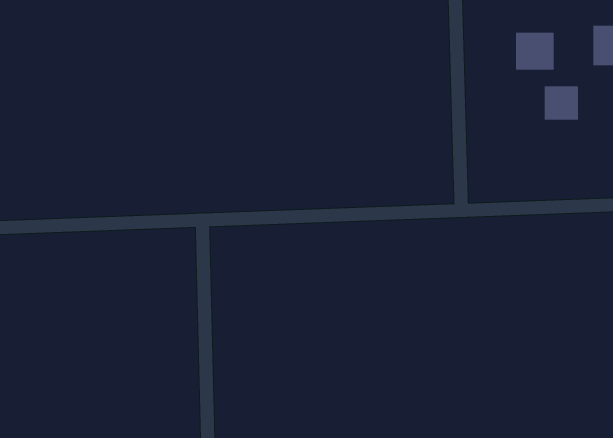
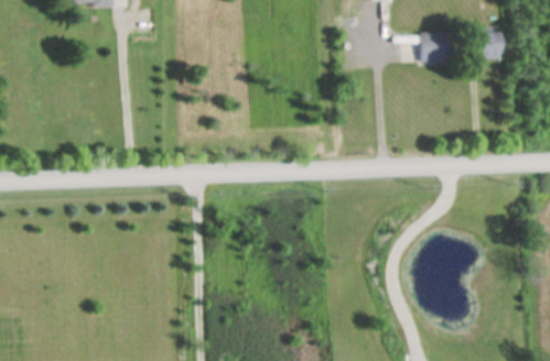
building: [544,85,578,121] -> none

